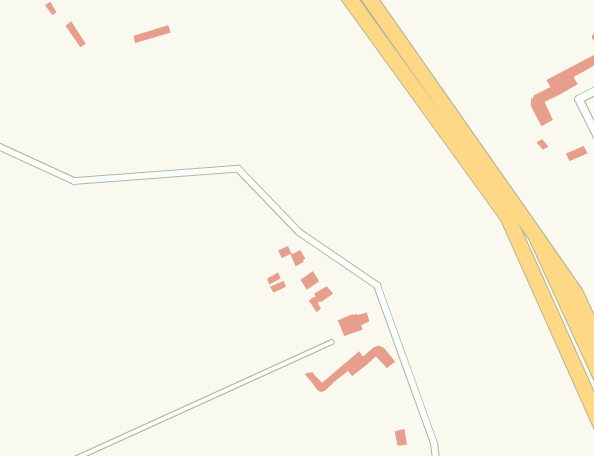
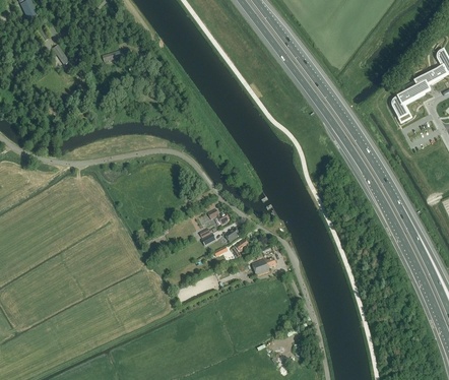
building: [304,344,396,393] -> none

